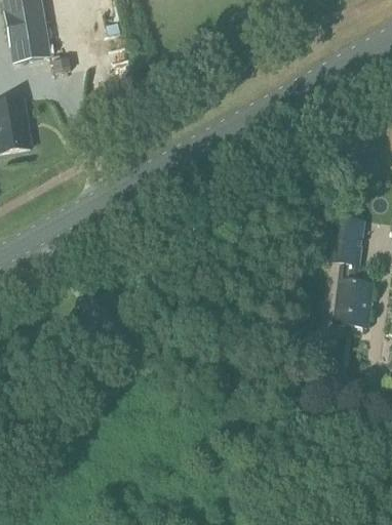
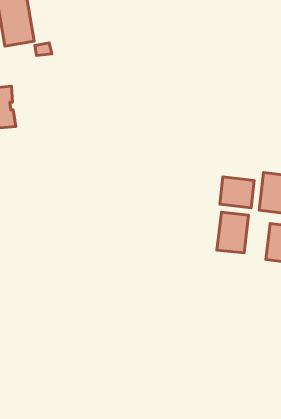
building: none -> [220,177,254,208]
building: none -> [217,212,249,253]

